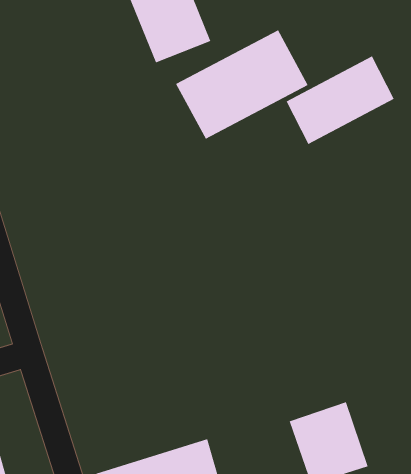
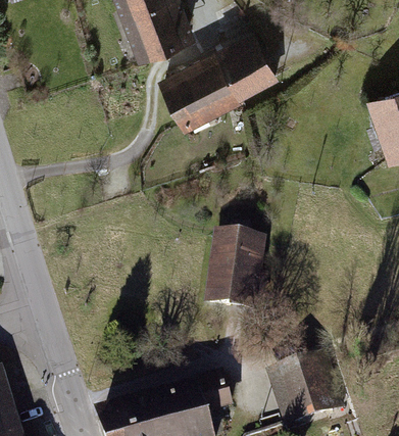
building: [286,56,394,145] -> none
building: none -> [206,236,263,316]

